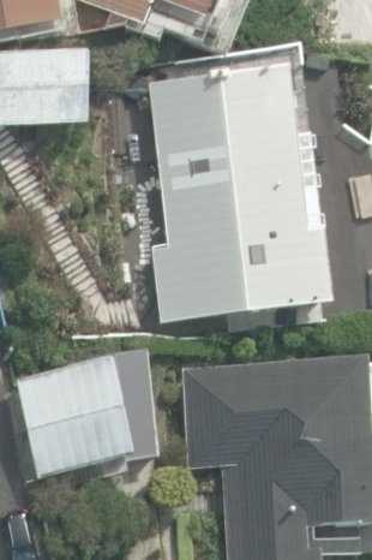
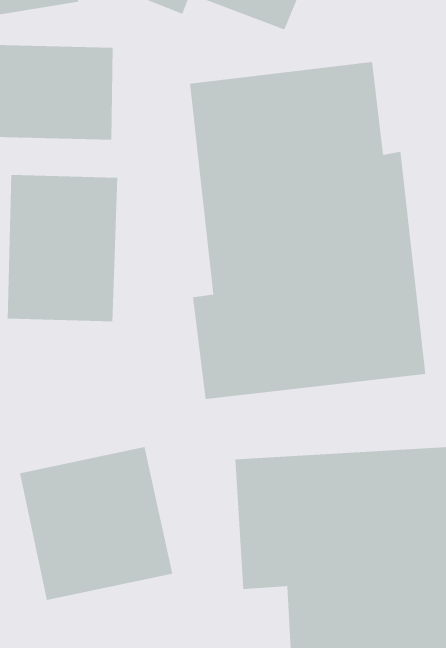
building: none -> [7,174,118,322]

